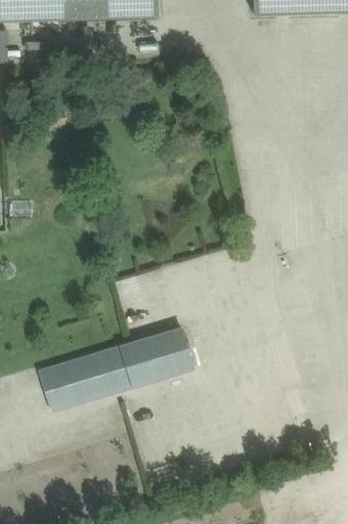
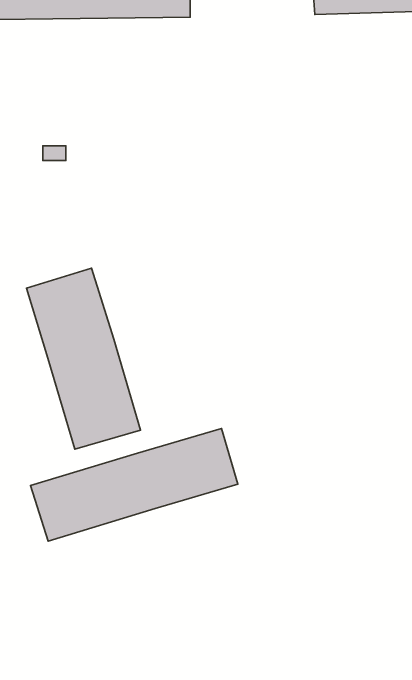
building: none -> [26,268,141,449]

